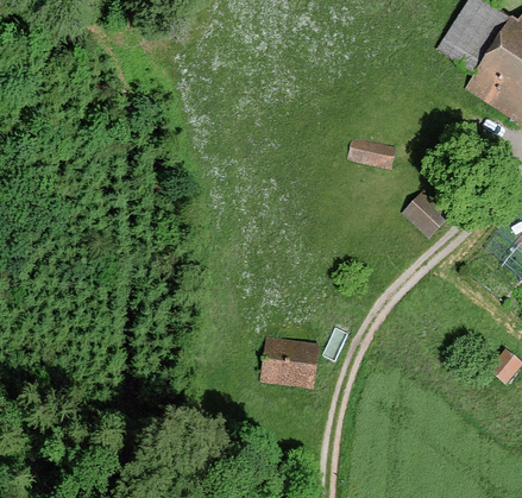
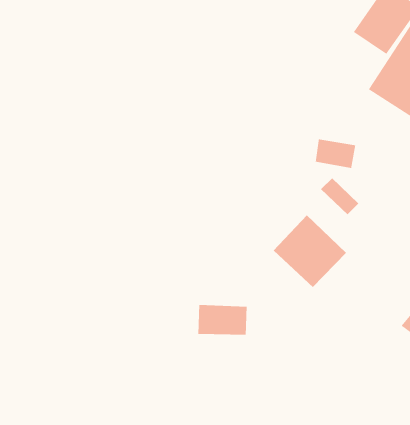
building: [350,134,395,168] -> [315,138,356,169]
building: none -> [273,215,347,288]

